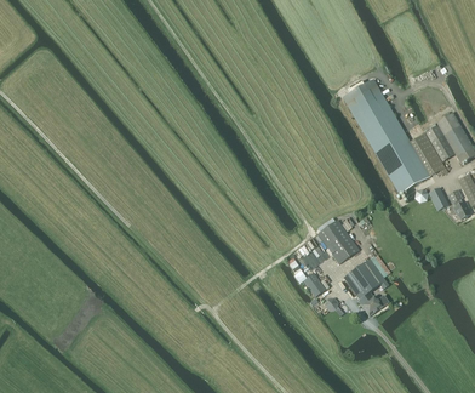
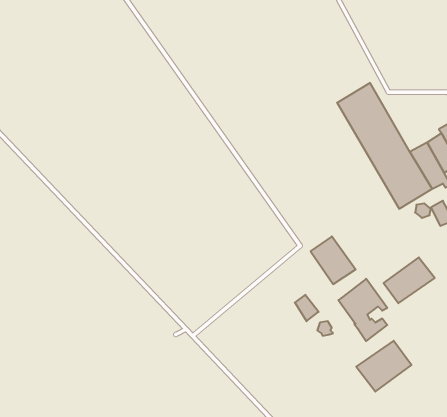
building: none -> [384,257,435,303]
building: none -> [356,341,411,392]

